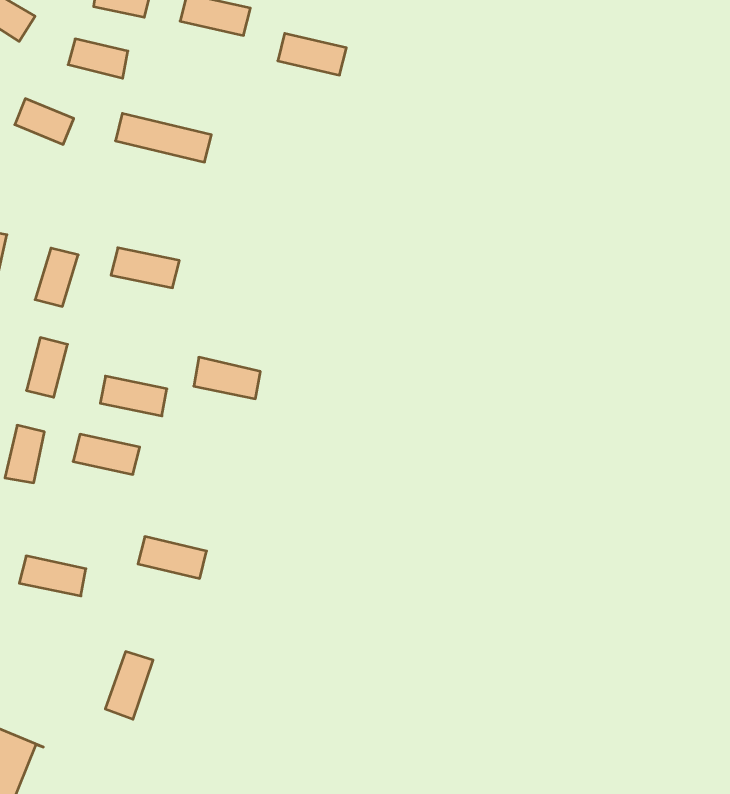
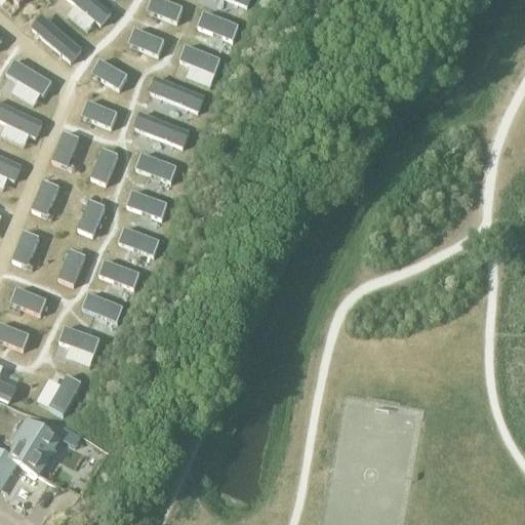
building: [278,33,346,75] -> [178,45,219,74]
building: none -> [81,100,117,127]
building: none -> [133,112,190,148]
building: [194,357,260,399] -> [126,190,166,218]
building: [138,537,207,578] -> [82,293,123,322]
building: [105,652,153,719] -> [48,374,80,414]

